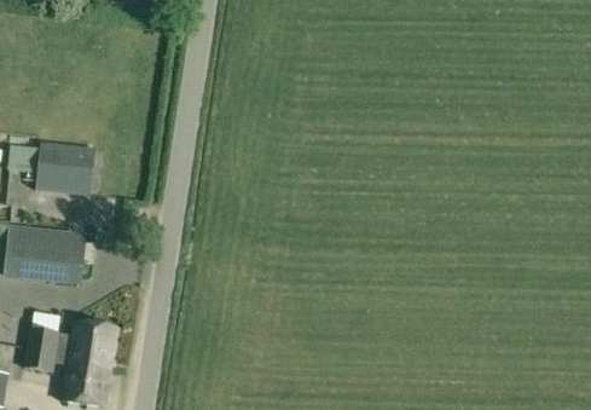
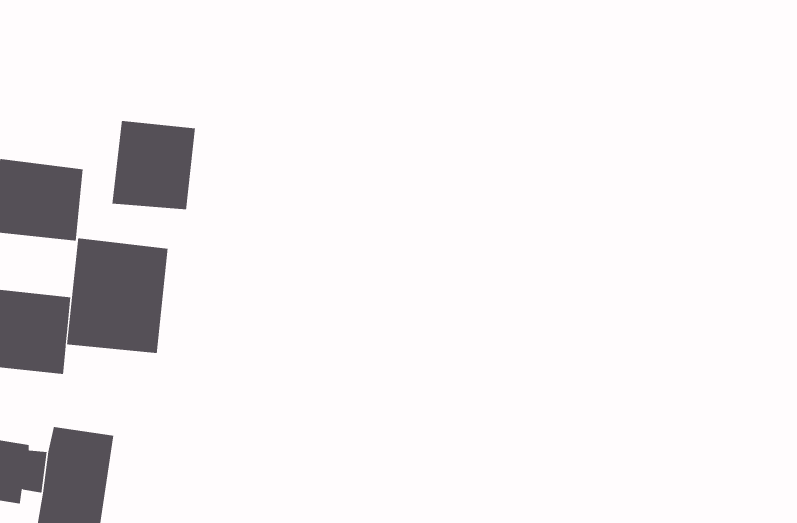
building: none -> [112,120,195,210]
building: none -> [67,238,168,354]

